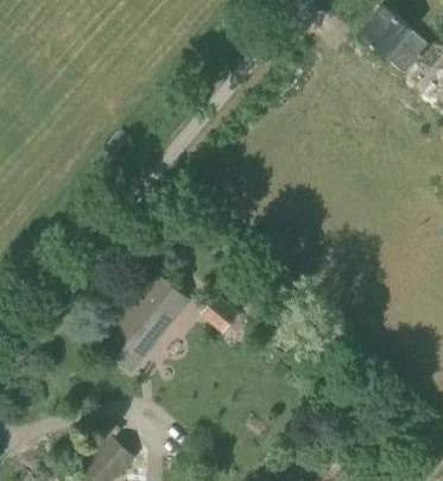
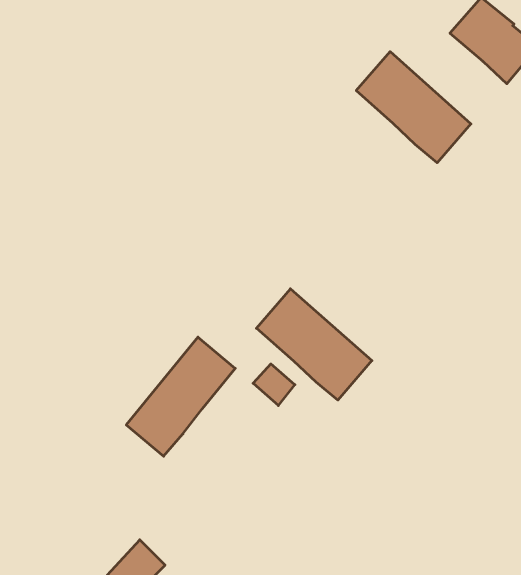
building: none -> [356,52,471,163]
building: none -> [256,289,372,400]

